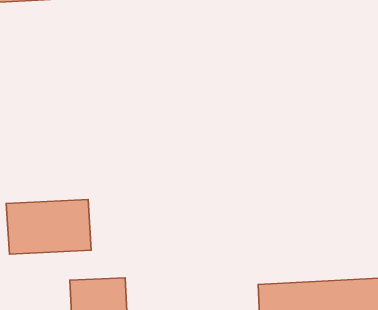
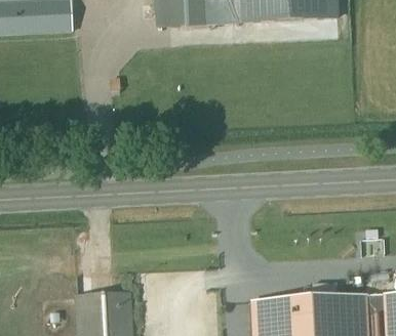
building: [6,200,91,254] -> none

